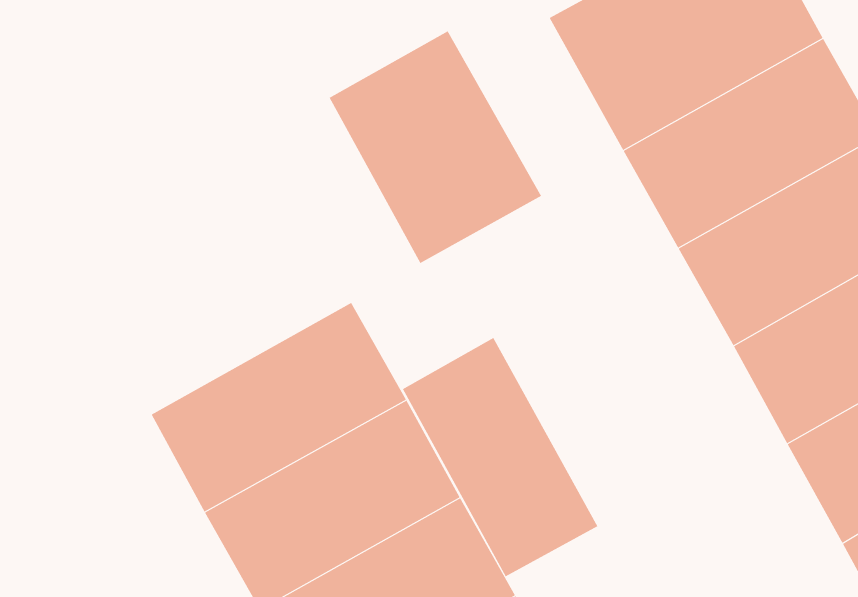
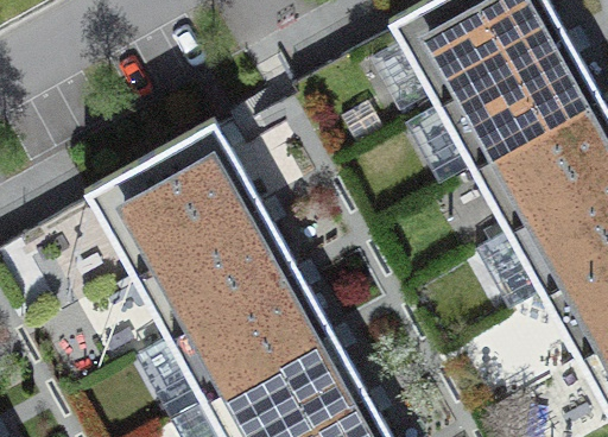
building: [329,31,542,264] -> none
building: none -> [87,119,264,277]
building: [402,337,598,577] -> none

